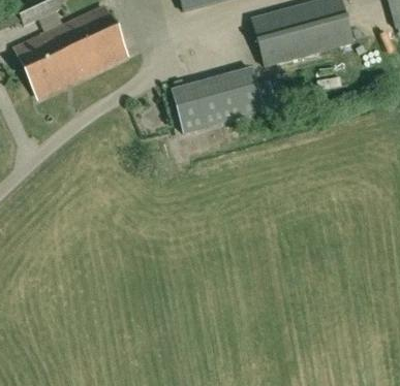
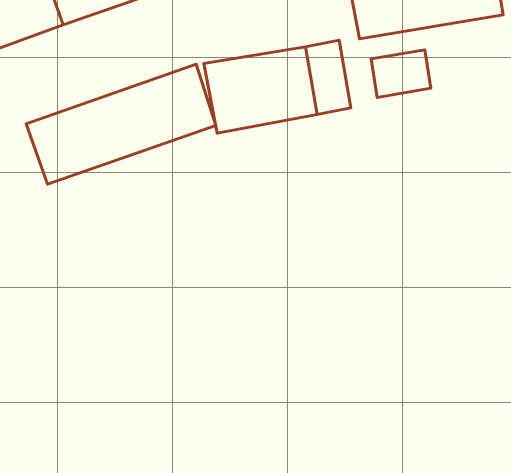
building: none -> [371,50,431,97]
building: none -> [26,64,216,184]

